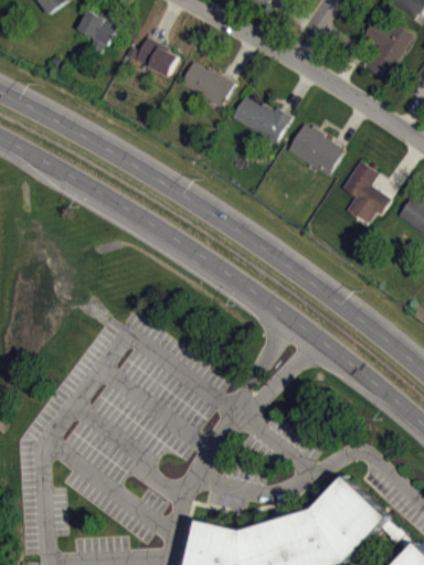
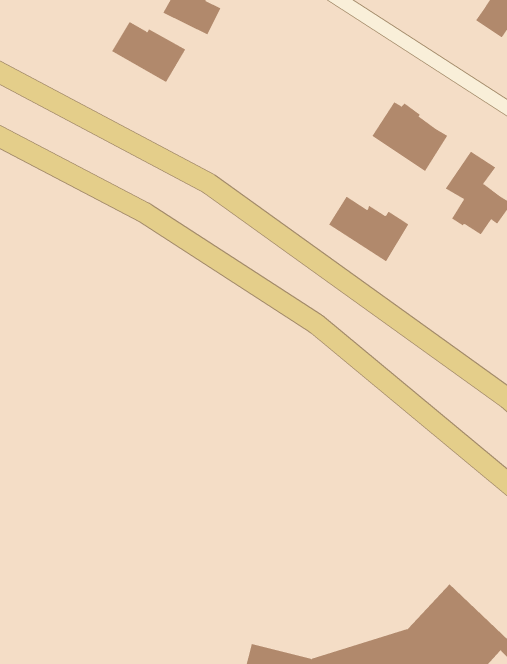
building: [179,61,234,106] -> [111,21,186,83]
building: [231,95,290,143] -> [328,196,409,262]

